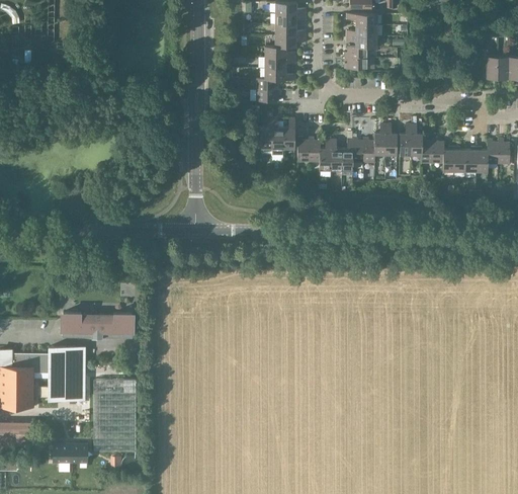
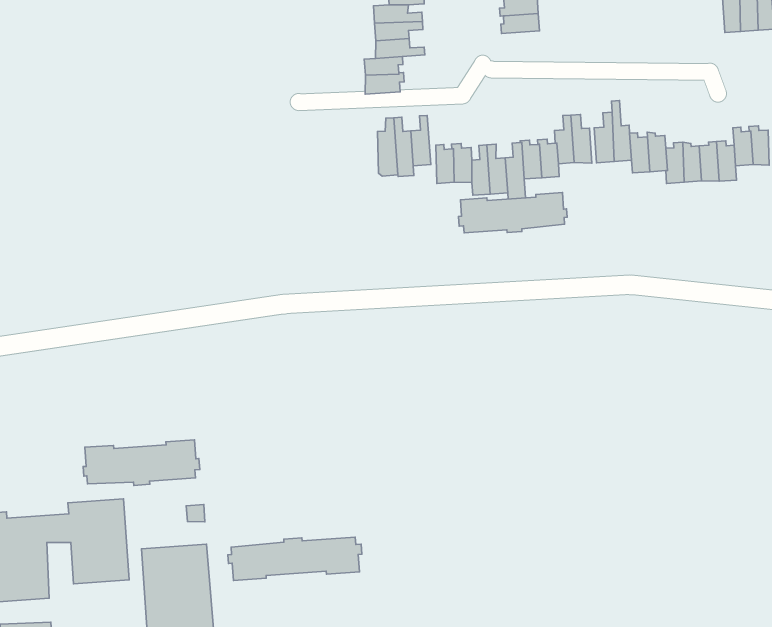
building: none -> [459,193,567,233]
building: none -> [228,537,362,581]

